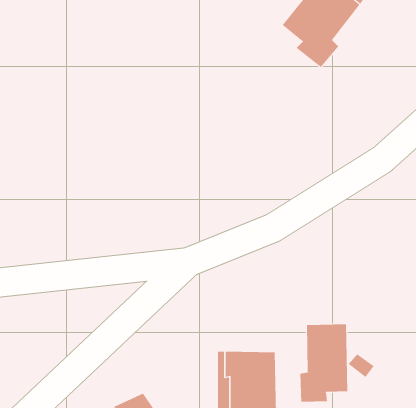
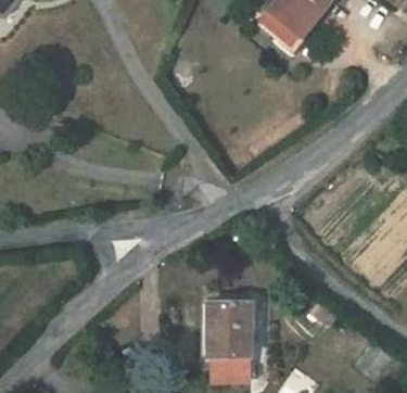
building: [300,324,348,402] -> none

